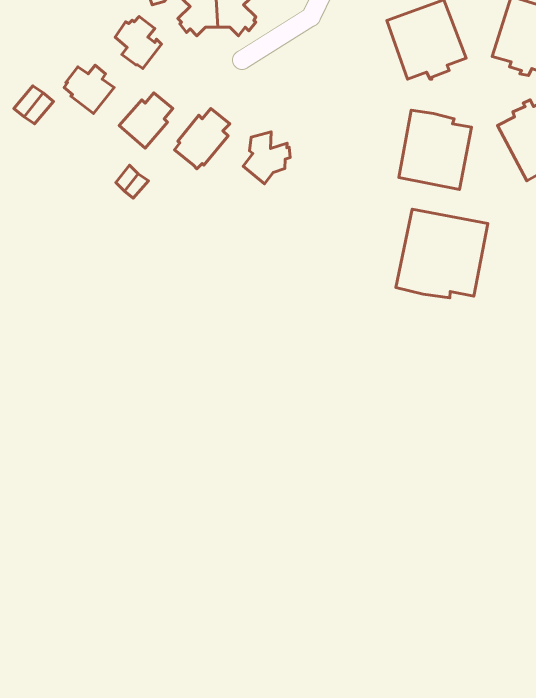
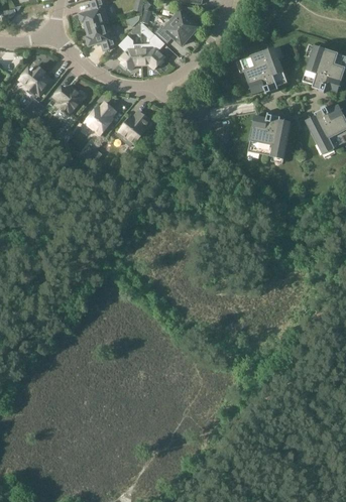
building: [115,17,162,68] -> [23,64,50,94]
building: [243,132,290,184] -> none
building: [396,209,488,298] -> none

